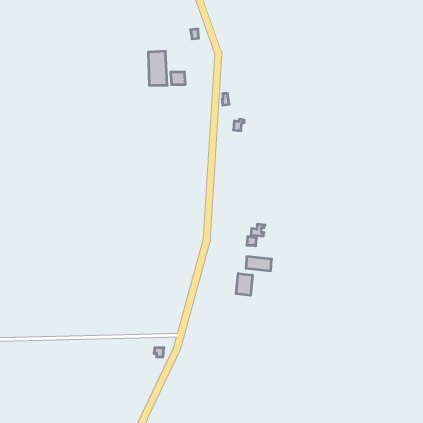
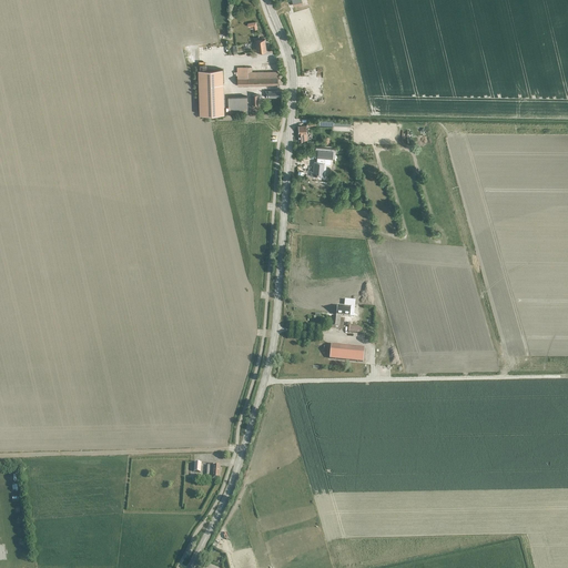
building: none -> [236,67,277,85]
building: [236,273,252,295] -> none

